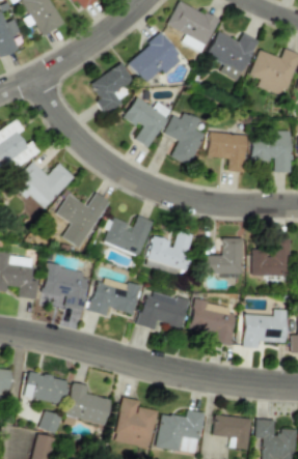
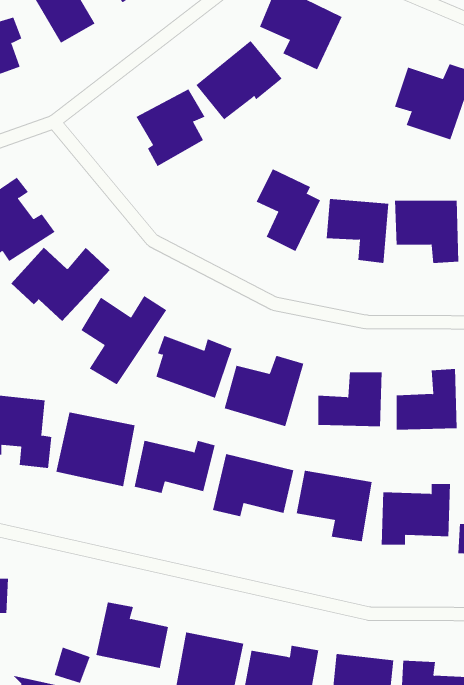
building: [207,30,259,80] -> none
building: [125,96,172,147] -> none
building: [24,371,69,404] -> none

